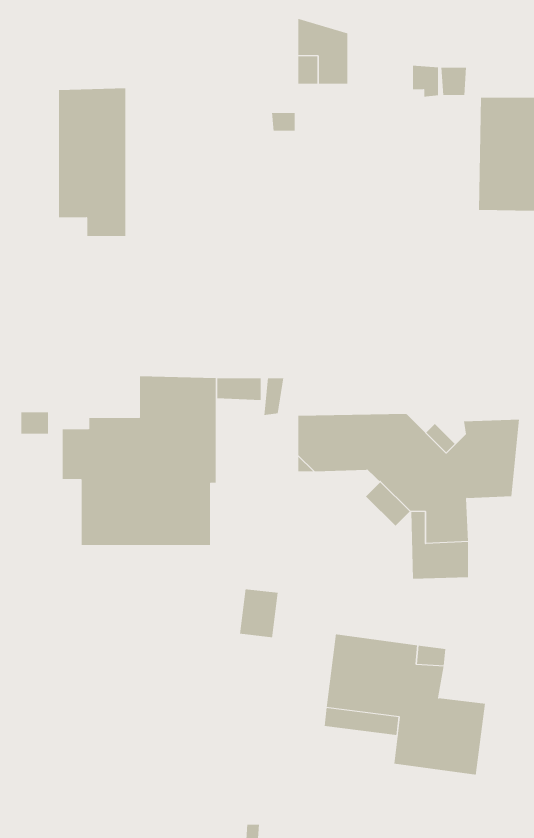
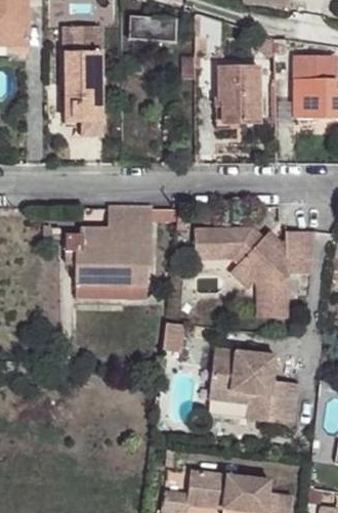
building: none -> [128,15,174,41]
building: none -> [64,27,101,51]
building: none -> [218,67,258,123]

